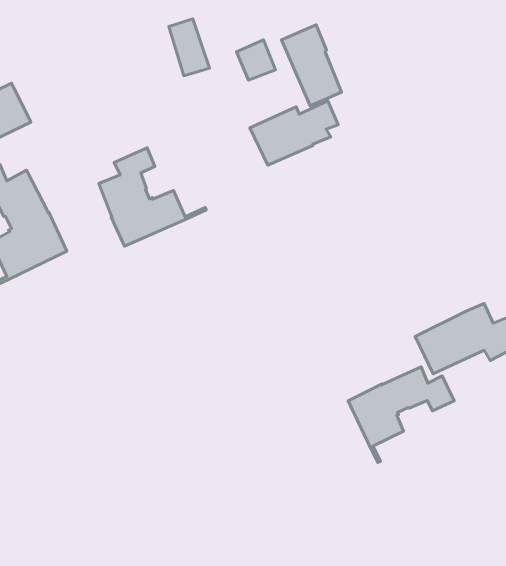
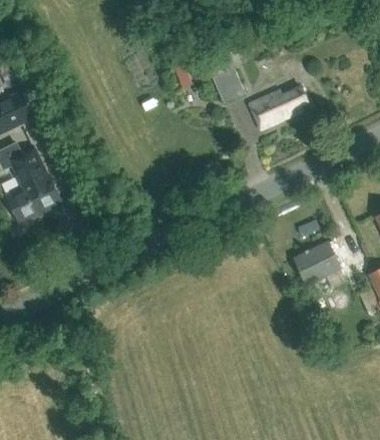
building: [250,101,338,165] -> [249,86,308,129]
building: [99,148,206,246] -> none
building: [348,367,454,463] -> none

